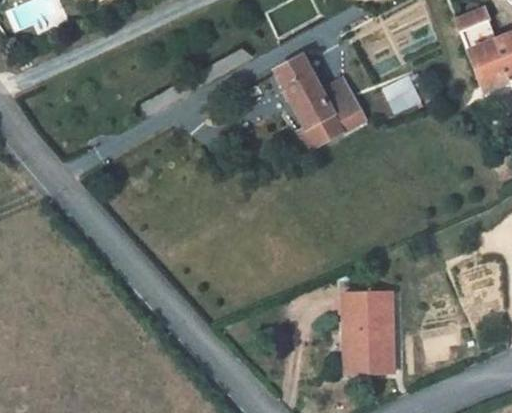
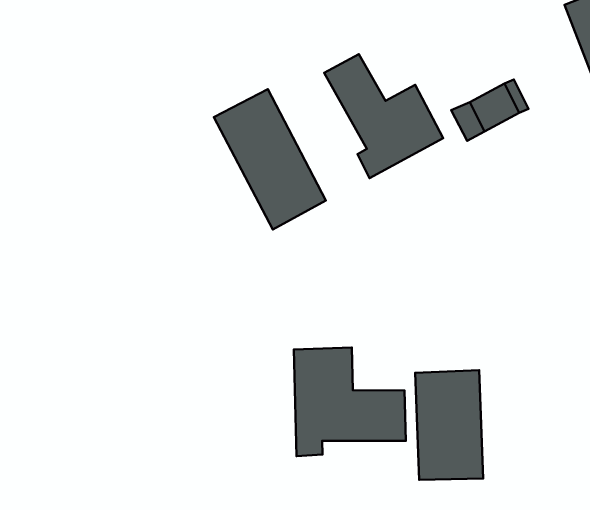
building: none -> [214,89,326,230]
building: none -> [294,347,406,456]

